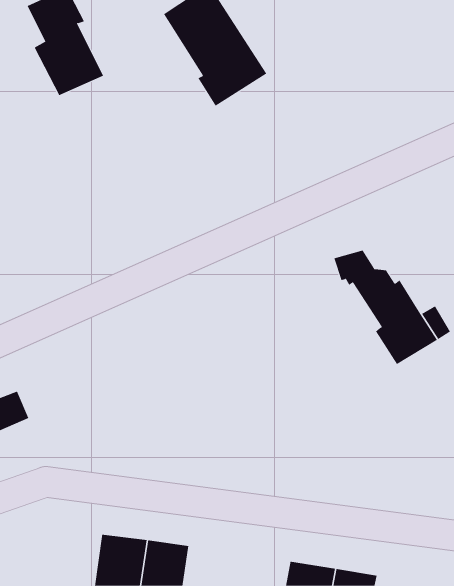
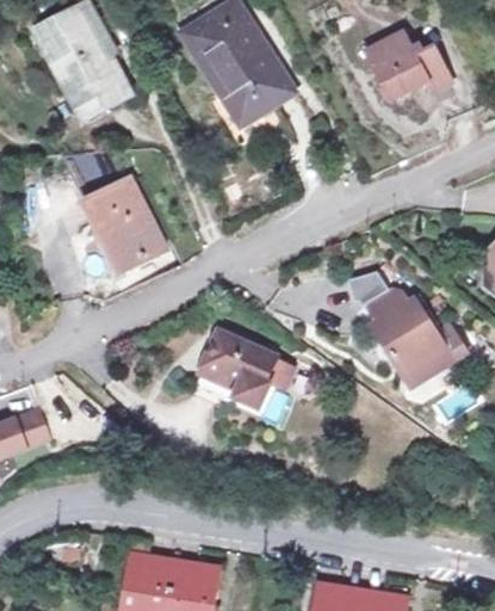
building: none -> [365,33,451,99]
building: none -> [58,155,159,273]
building: none -> [212,339,286,415]

